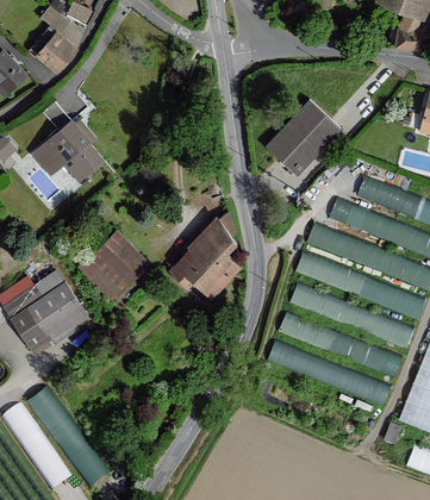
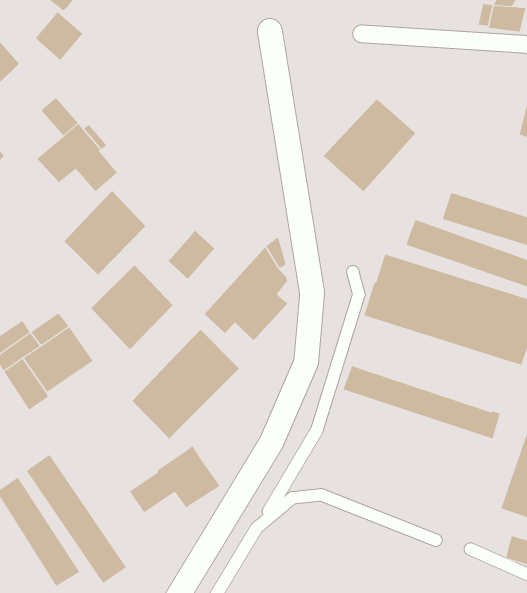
building: none -> [63,190,146,276]
building: none -> [168,230,215,279]
building: none -> [131,329,240,439]
building: [292,286,417,344] -> none
building: [269,340,393,405] -> none
building: none -> [129,445,221,513]

